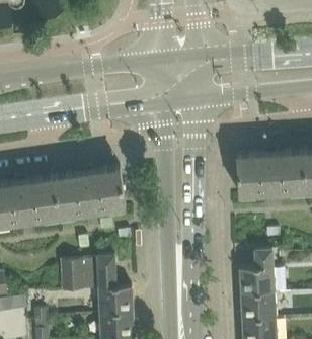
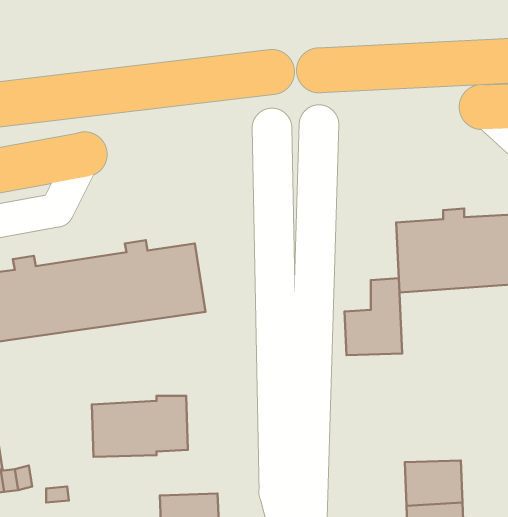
building: [240,250,274,294] -> [345,278,402,355]
building: [97,287,133,314] -> none

